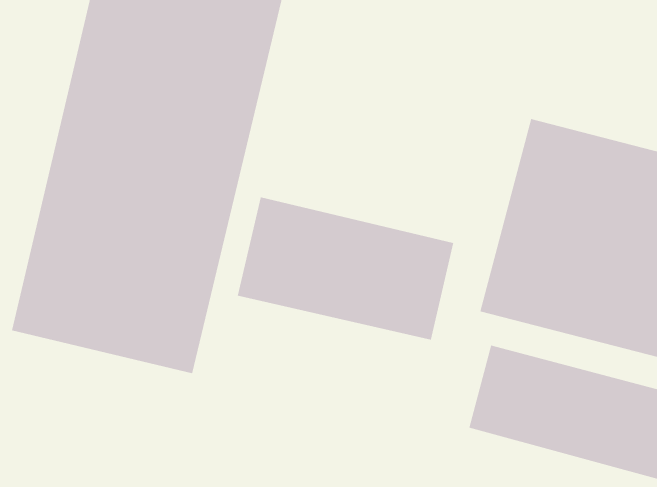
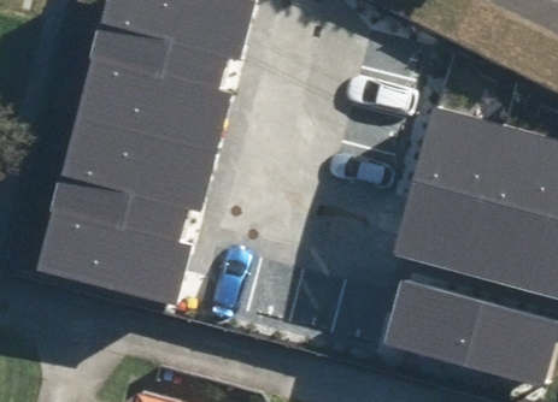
building: [237,197,454,341] -> none

